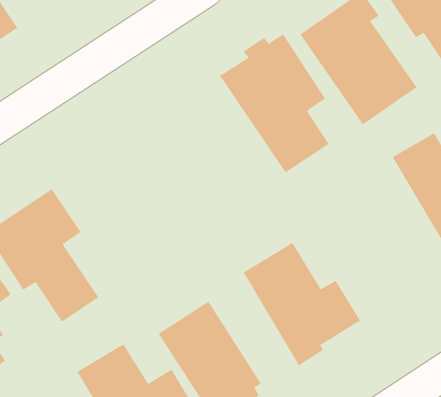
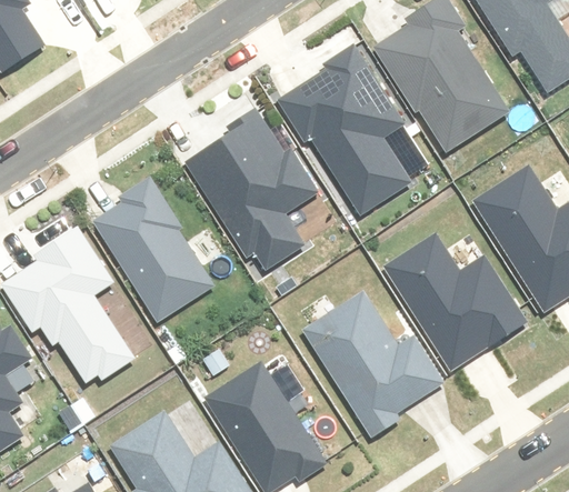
building: none -> [178,101,327,275]
building: none -> [93,175,211,319]
building: none -> [389,213,530,370]

